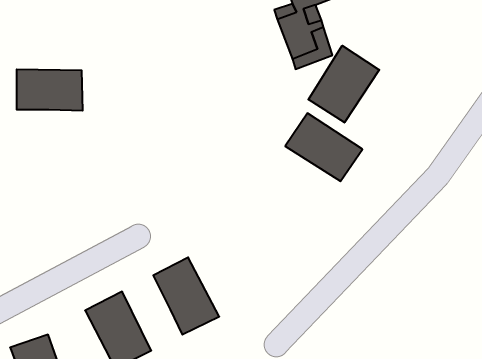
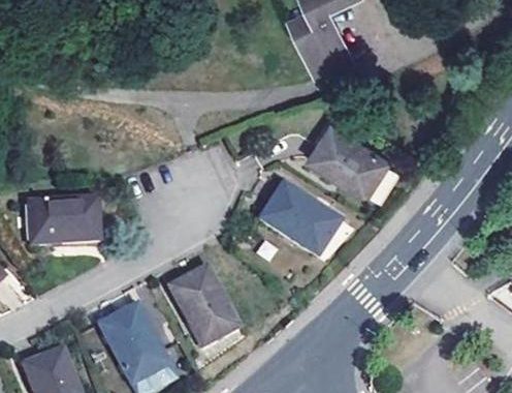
building: [308,46,379,123] -> none
building: [17,69,83,111] -> [25,199,93,241]
building: none -> [259,182,340,253]

